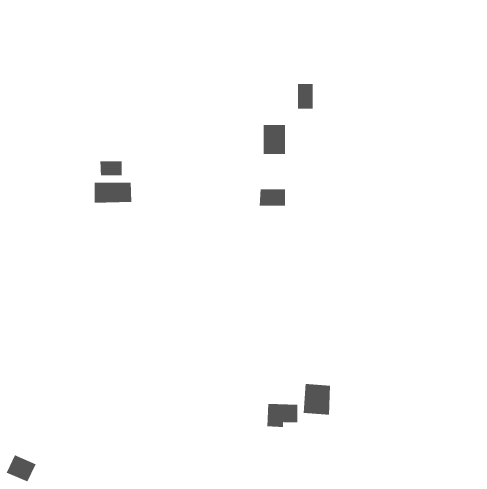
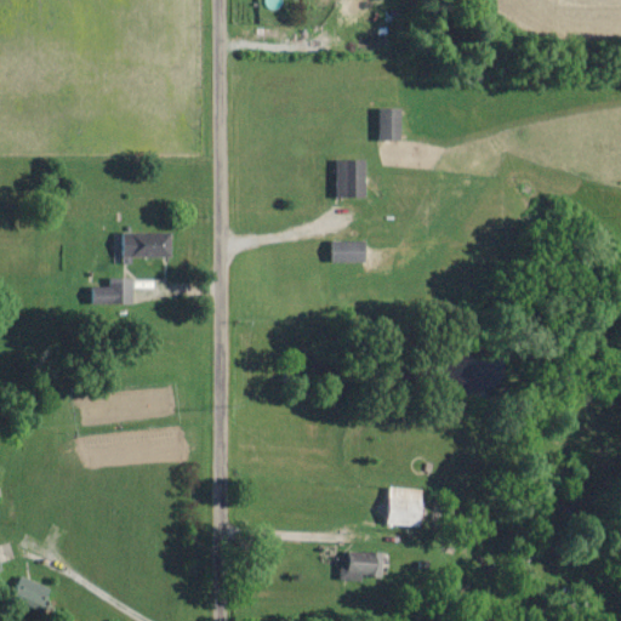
building: [100,160,122,176] -> none
building: none -> [92,278,132,303]
building: [266,404,298,428] -> [342,551,382,581]

